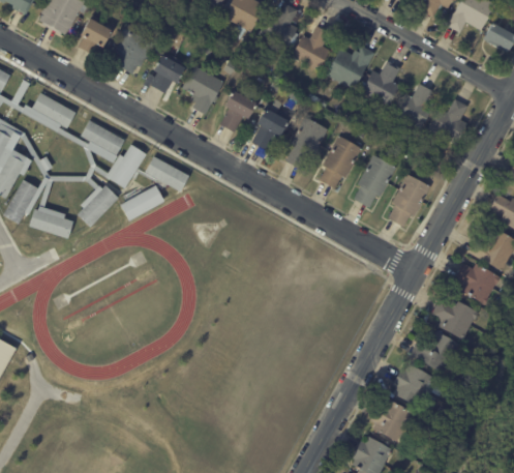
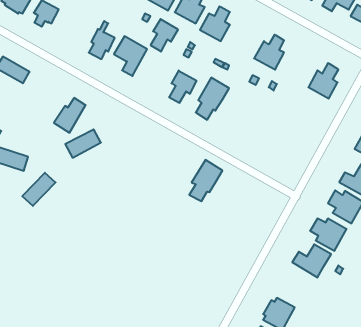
building: [112,25,158,76] -> none
building: [325,47,373,91] -> none
building: [393,85,432,129] -> none
building: [221,90,256,131] -> [151,19,178,52]
building: [80,118,123,154] -> none
building: [319,137,361,189] -> [189,160,222,201]
building: [144,154,187,189] -> none
building: [354,156,396,209] -> none
building: [388,175,429,229] -> none
building: [75,183,118,226] -> [22,173,56,206]
building: [392,363,430,407] -> none

